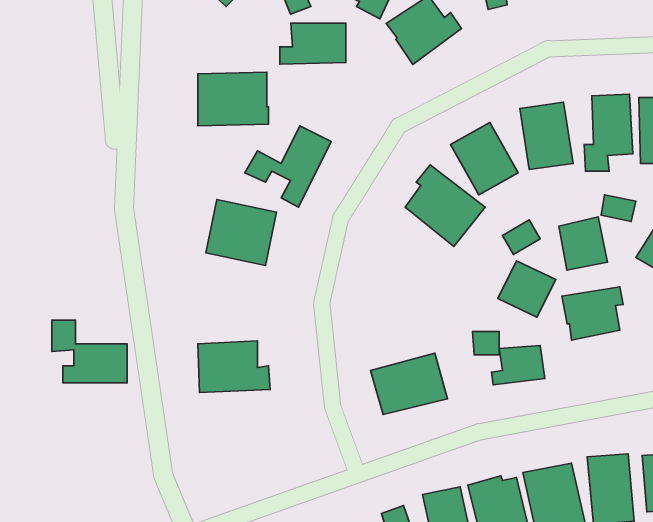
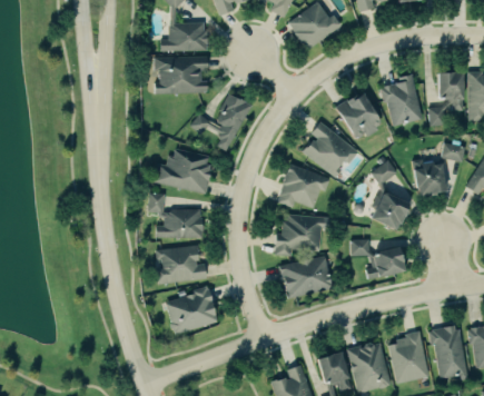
building: [280,23,346,64] -> [159,22,206,51]
building: none -> [277,164,332,208]
building: [562,287,623,340] -> none
building: none -> [278,215,324,254]
building: [52,320,127,383] -> [148,192,201,237]
building: none -> [164,287,219,336]

